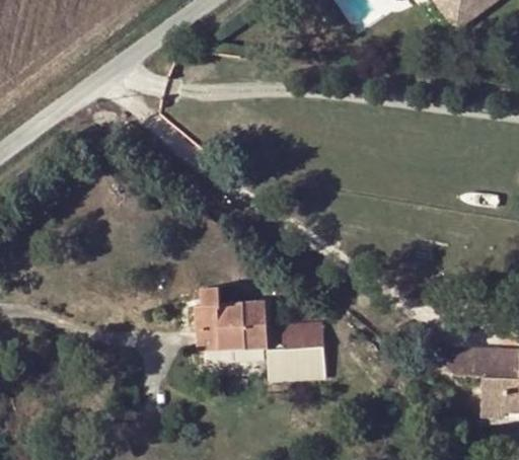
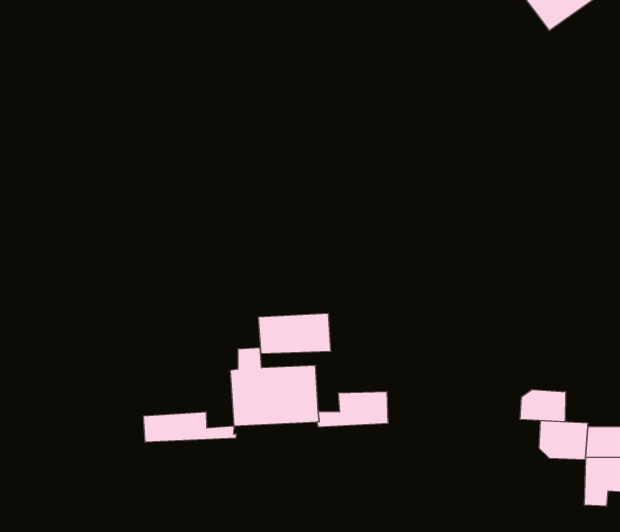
building: none -> [520,389,566,422]
building: none -> [144,412,237,442]
building: [267,348,325,380] -> [258,314,331,354]

